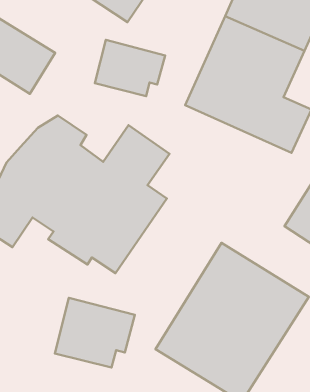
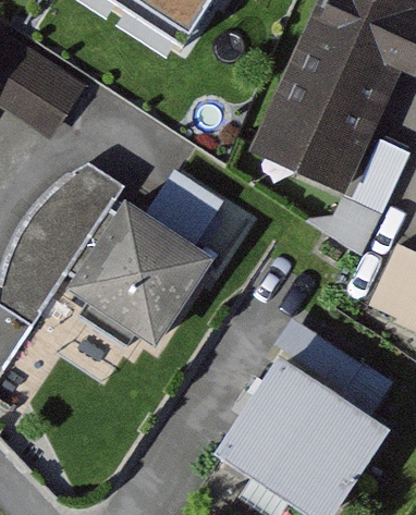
building: [95,40,165,96] -> none
building: [55,298,135,368] -> none

